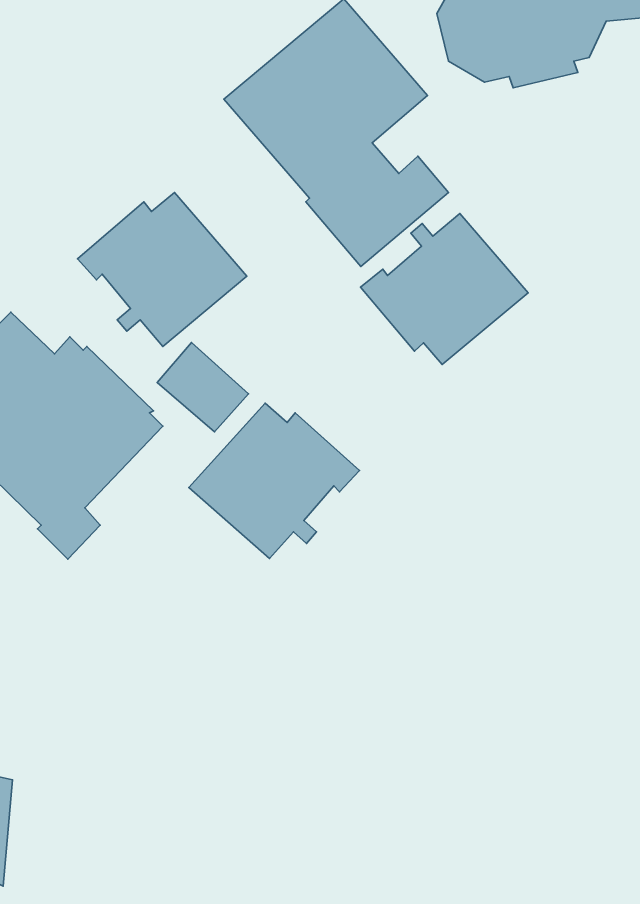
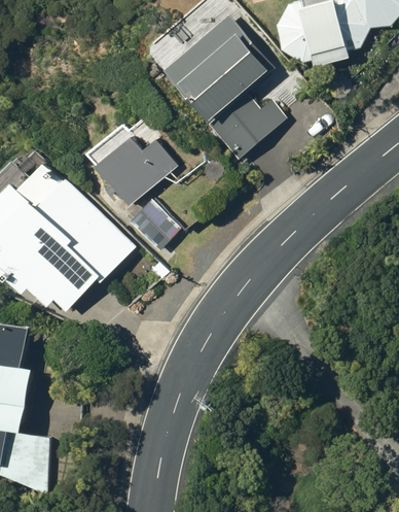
building: [360,213,528,364] -> none
building: [189,403,359,559] -> none

